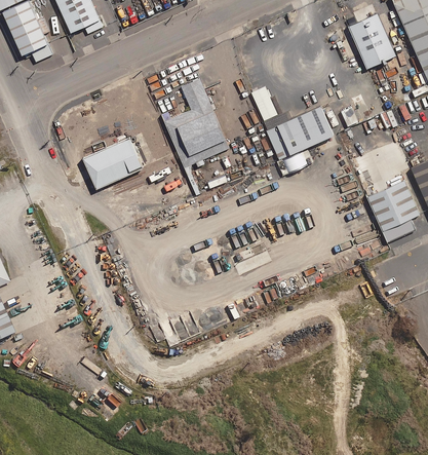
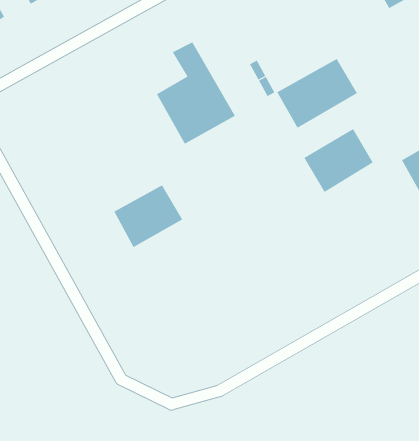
building: [86,138,144,188] -> [114,185,183,248]
building: none -> [303,128,373,193]

